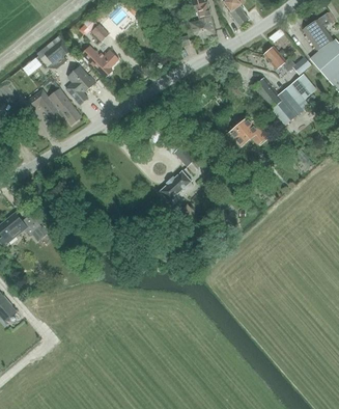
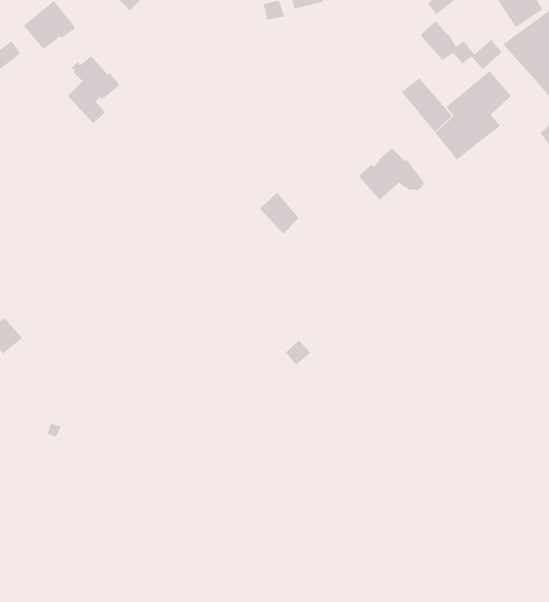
building: [82,45,119,77] -> none
building: [34,87,81,124] -> none
building: [159,169,194,203] -> none

